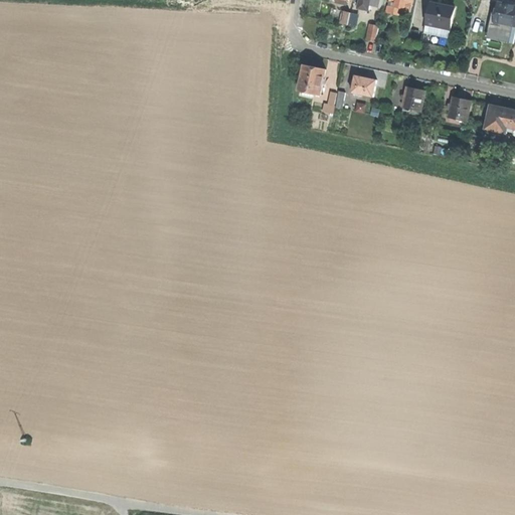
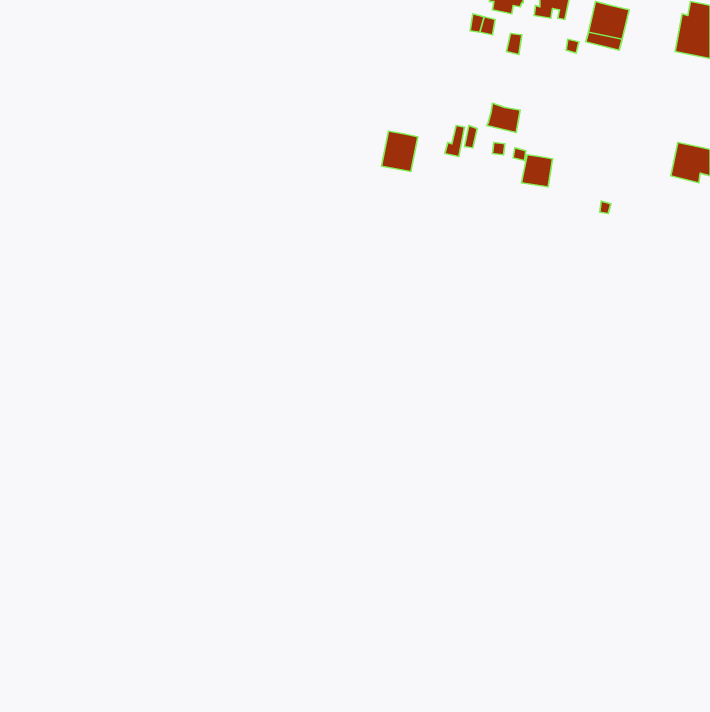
building: [298,64,324,94] -> [381,131,418,172]
building: [401,87,423,110] -> [522,155,552,187]
building: [448,96,470,120] -> none

